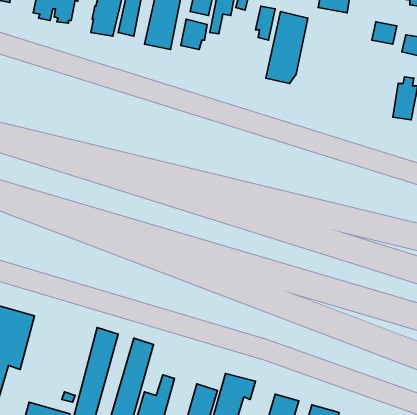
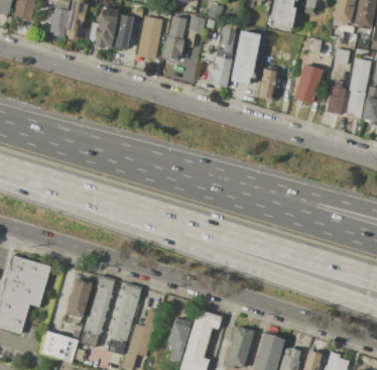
building: none -> [212,56,232,89]
building: none -> [293,65,323,103]
building: none -> [257,66,278,101]
building: none -> [66,278,93,318]

